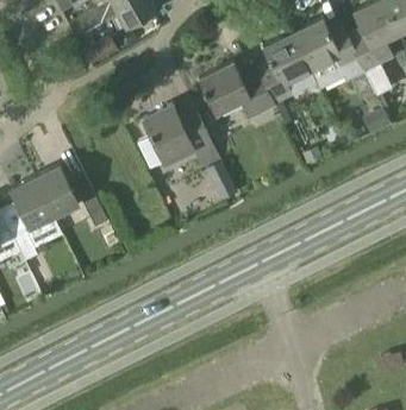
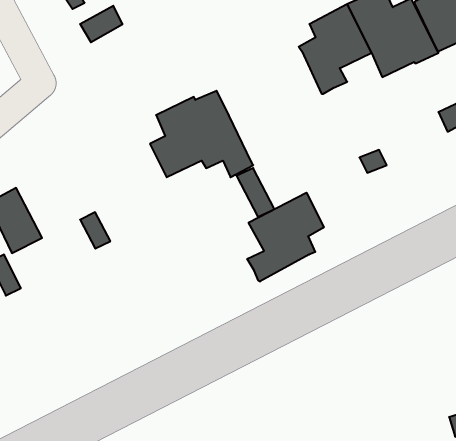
building: [199,63,274,119] -> none
building: [33,166,79,217] -> none
building: none -> [247,193,324,282]

